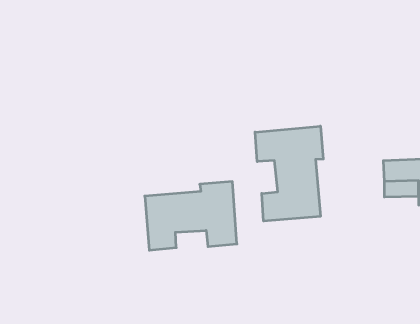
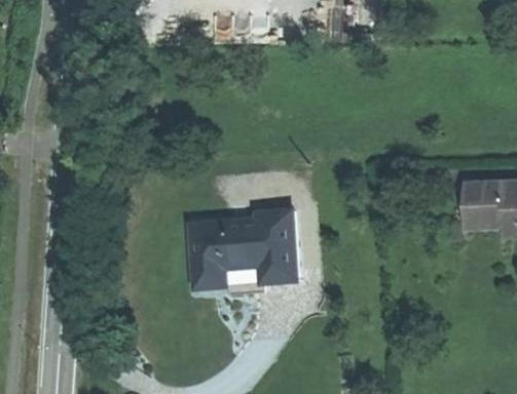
building: [255,126,323,221] -> none

